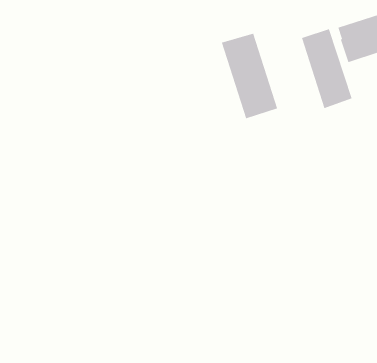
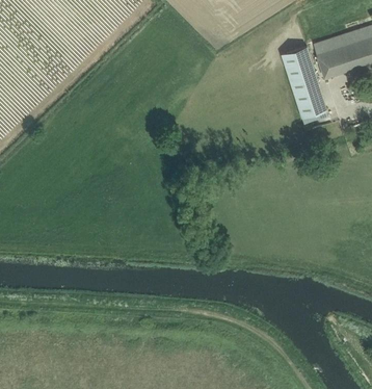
building: [221,33,278,119] -> none

